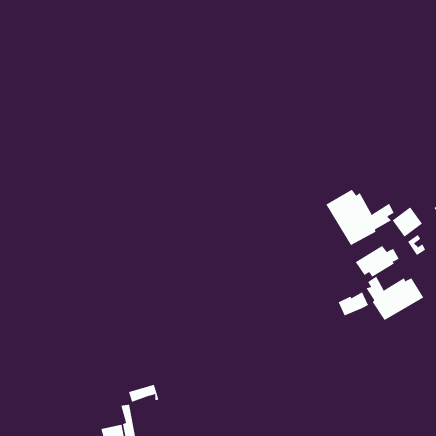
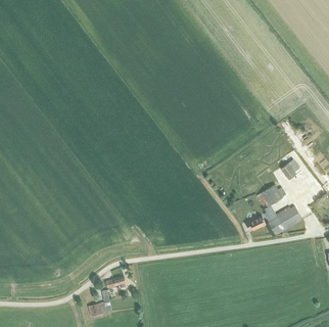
building: [325,189,394,246] -> none

